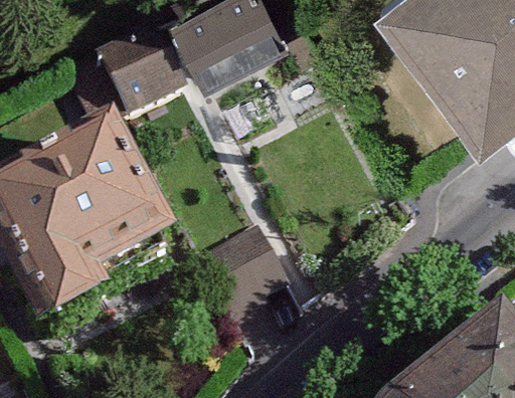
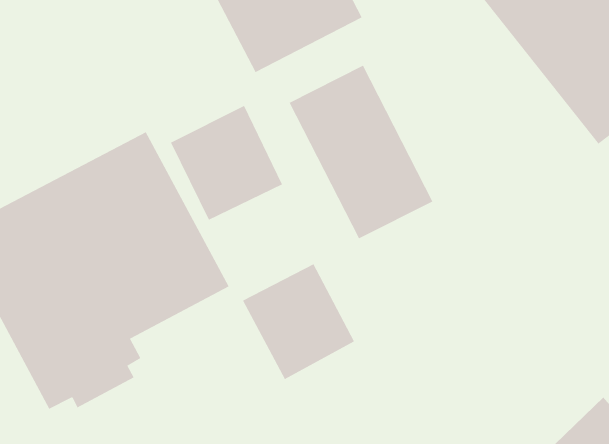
building: [98,29,186,120] -> [170,105,283,220]
building: none -> [289,65,433,239]

